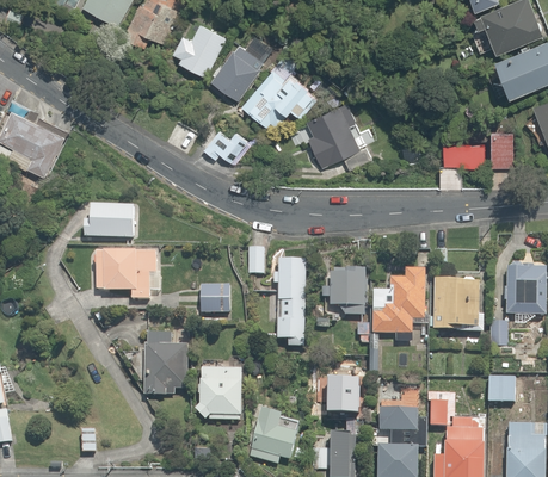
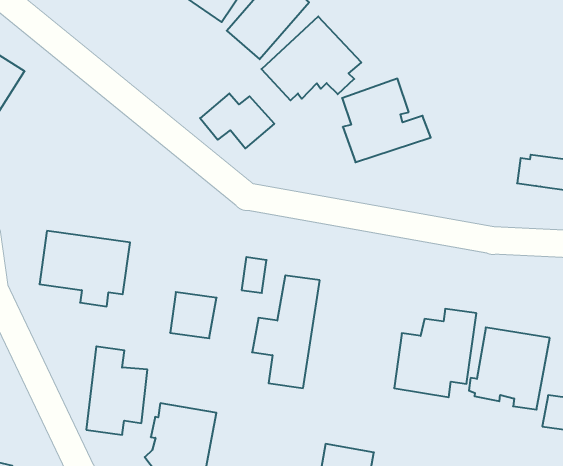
building: [81,203,137,240] -> none
building: [324,267,369,314] -> none

